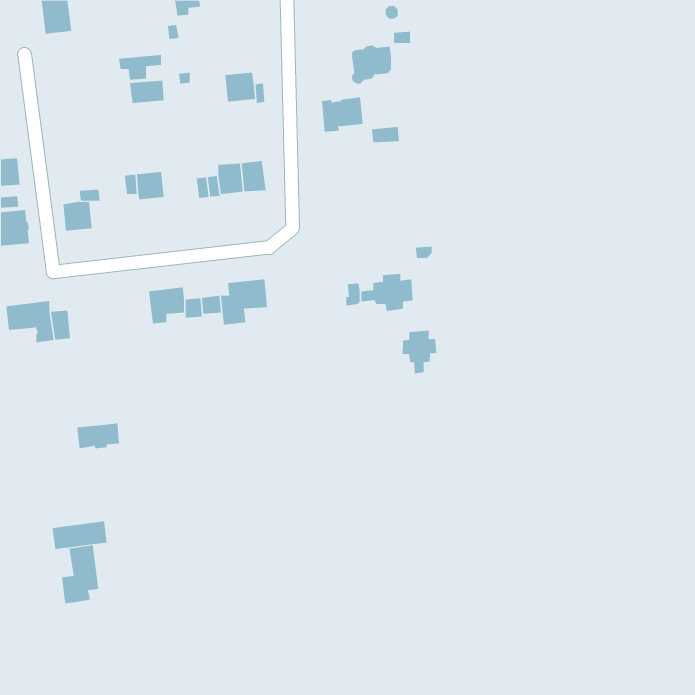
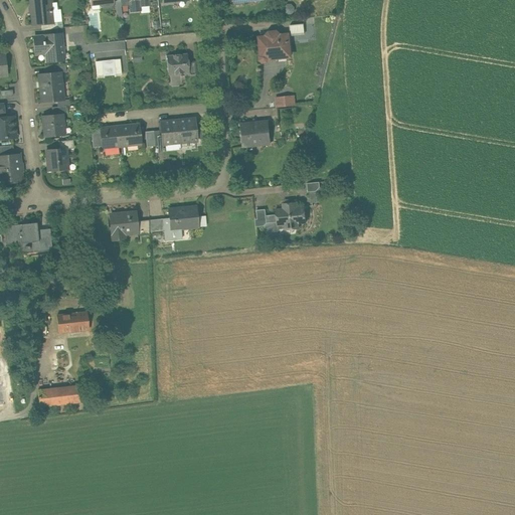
building: none -> [34,34,64,61]
building: [321,97,363,132] -> [239,121,271,147]
building: none -> [38,72,64,103]
building: none -> [42,115,65,137]
building: none -> [120,124,141,146]
building: [402,330,437,374] -> none
building: [61,544,99,604] -> none

